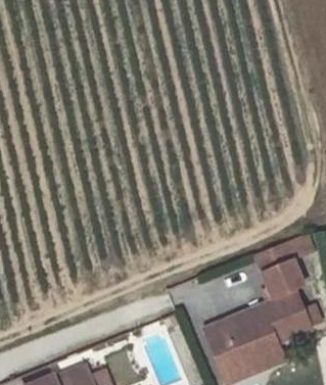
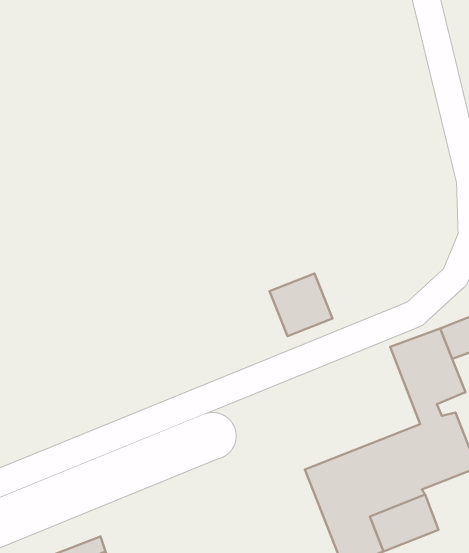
building: none -> [270,273,332,336]

